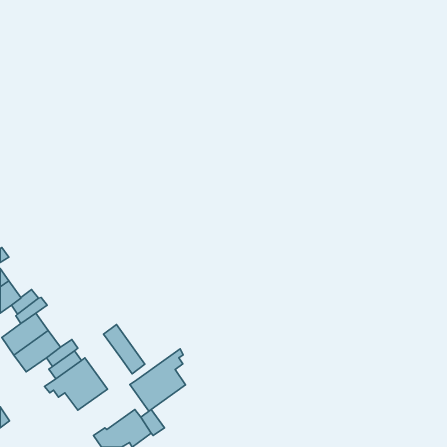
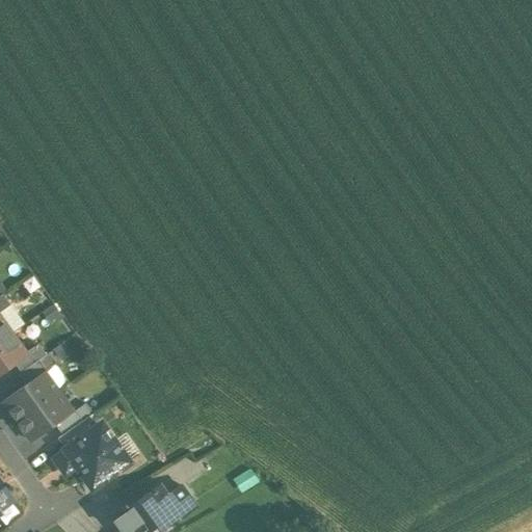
building: [104,324,145,374] -> none
building: [130,349,186,411] -> none

